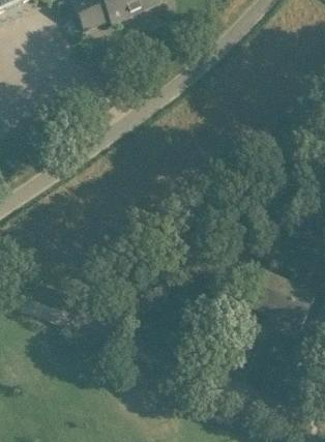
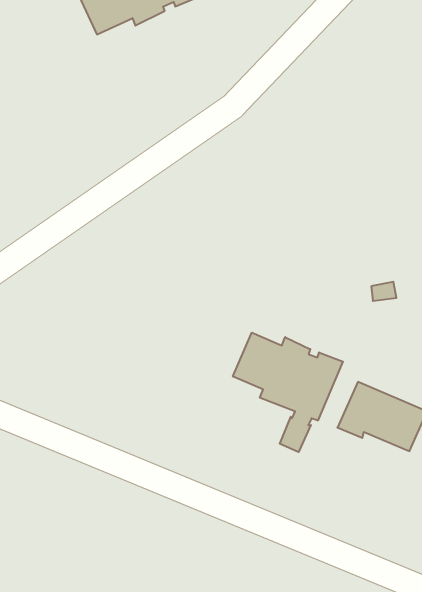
building: none -> [233,333,343,452]

